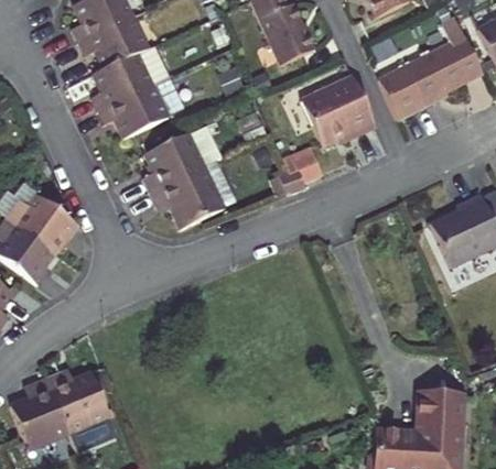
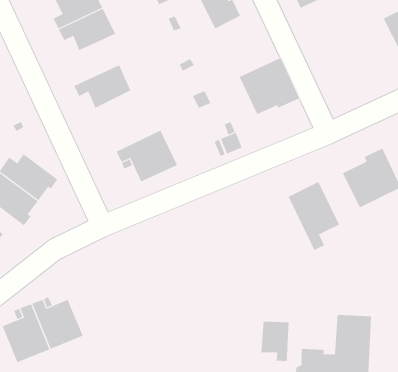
building: [381,18,484,117] -> none
building: [271,25,314,65] -> none
building: [91,44,171,111] -> none
building: [143,132,205,192] -> none
building: none -> [288,181,340,251]
building: none -> [261,321,289,362]

